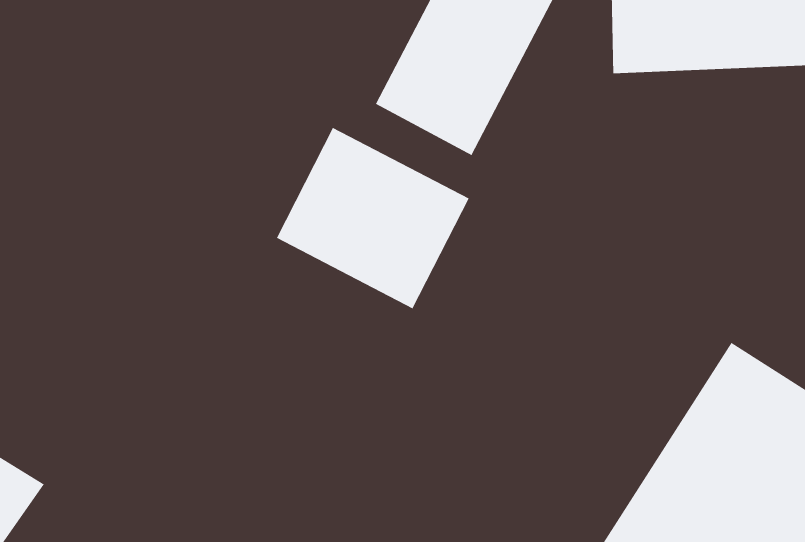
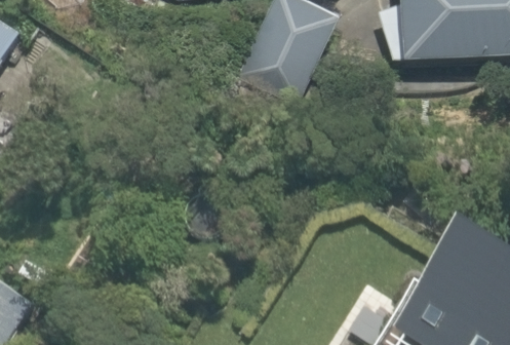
building: [276,127,470,309] -> none

